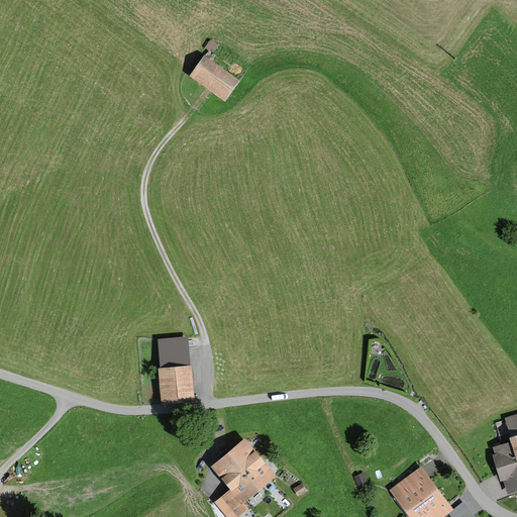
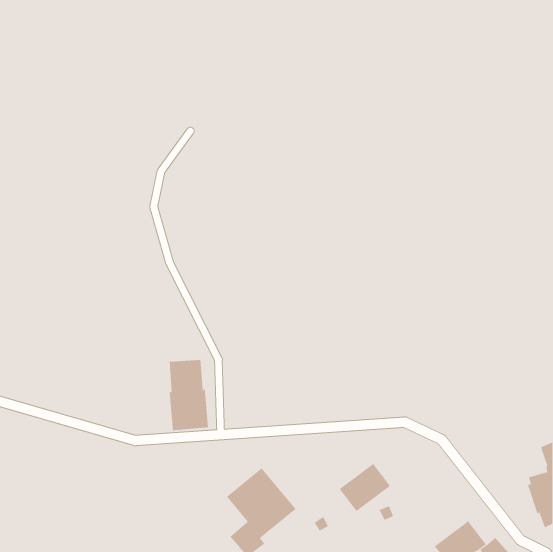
building: [189,57,240,104] -> none
building: [389,466,437,511] -> [339,463,391,512]

